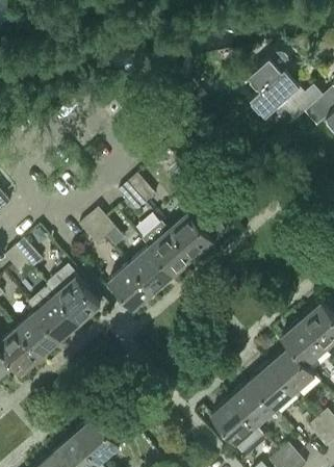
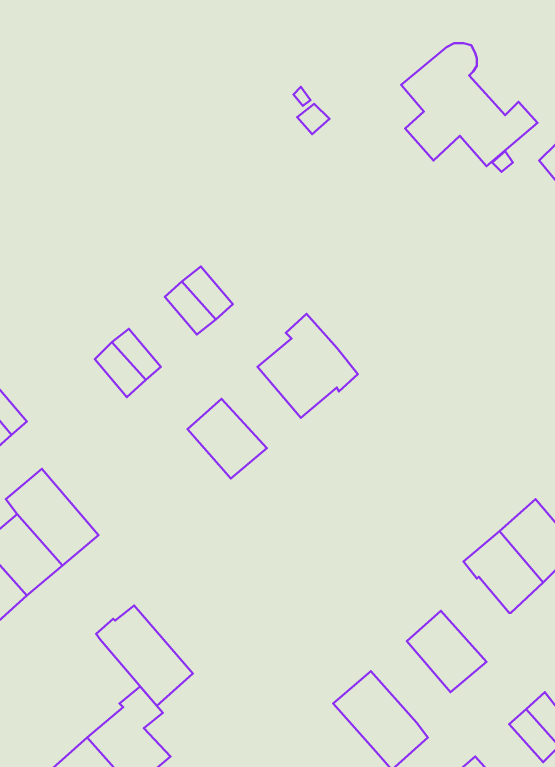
building: [139,222,191,276] -> none
building: [108,265,153,310] -> none
building: [47,268,100,323] -> [96,606,193,706]
building: [268,346,314,393] -> none
building: [230,382,274,426] -> none

